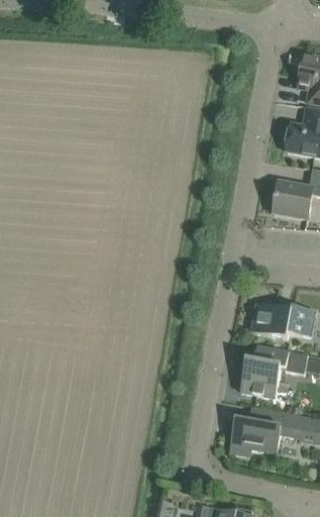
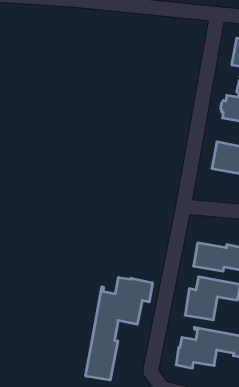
building: none -> [86,277,152,380]

